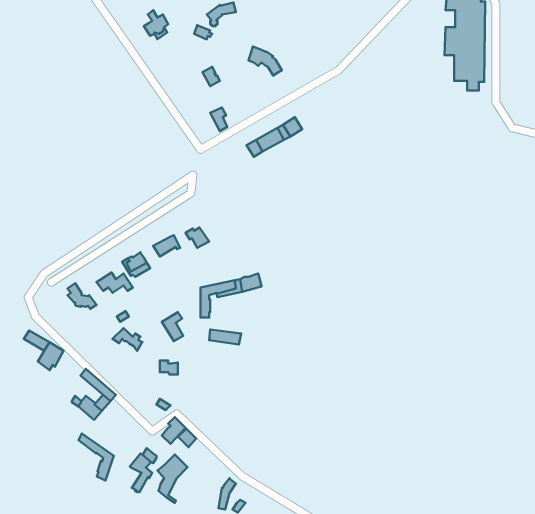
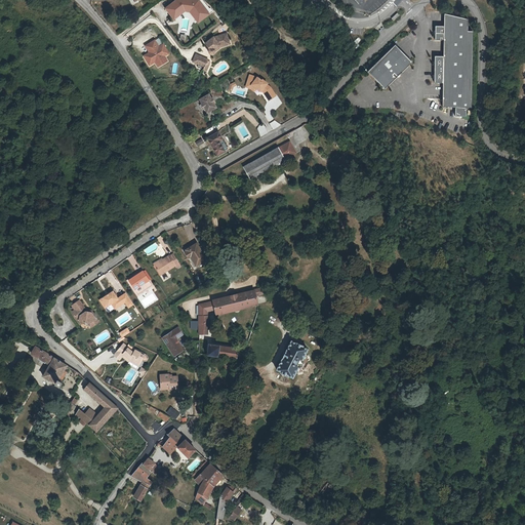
building: none -> [366,44,411,88]
building: none -> [276,340,308,378]
building: [78,434,114,481] -> none
building: [158,454,188,503] -> [194,463,223,510]

